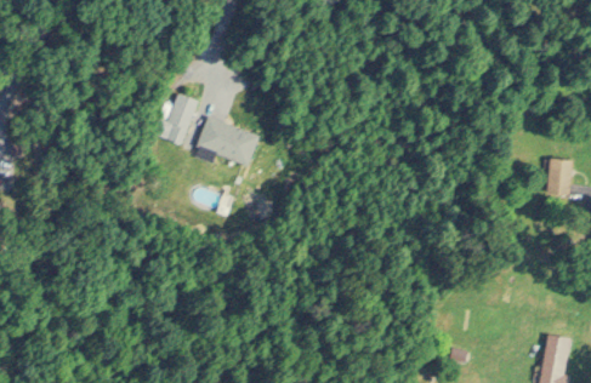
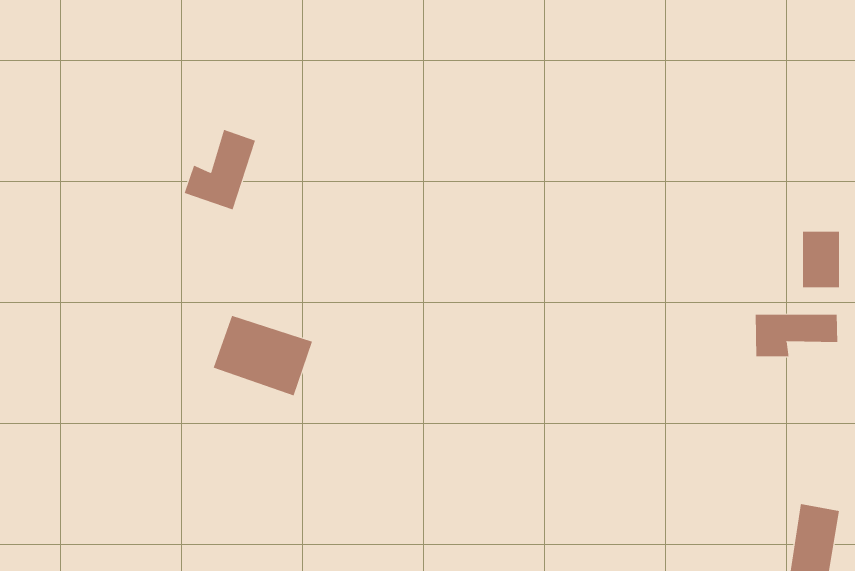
building: [195,116,260,168] -> [213,315,313,396]
building: none -> [755,314,838,357]

